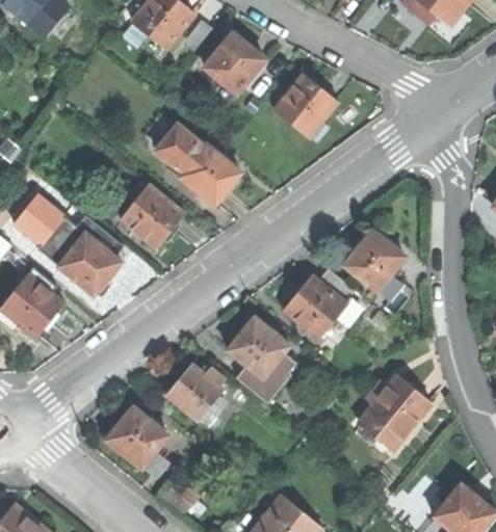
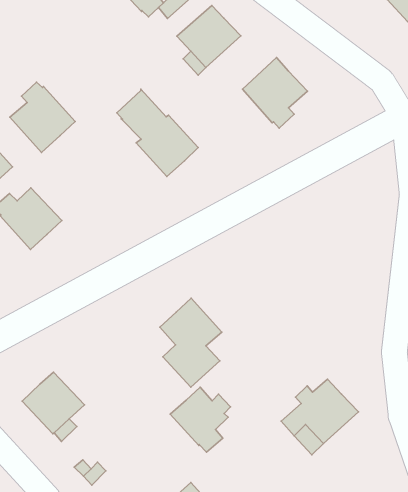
building: [121,181,184,247] -> [10,82,75,152]
building: [344,231,404,296] -> none
building: [284,268,359,338] -> none
building: [166,364,224,425] -> [170,387,231,452]

